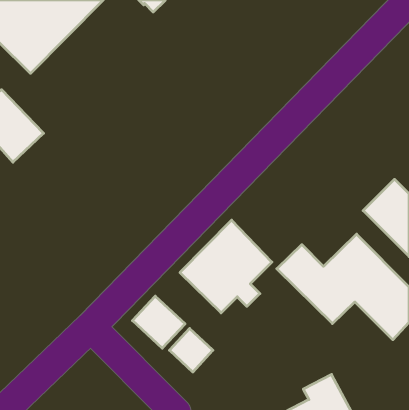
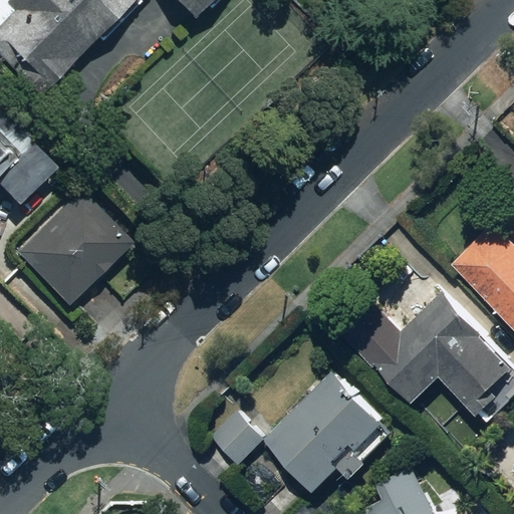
building: none -> [15,191,131,305]
building: [180,220,272,313] -> [269,373,383,489]
building: [132,296,185,348] -> none

